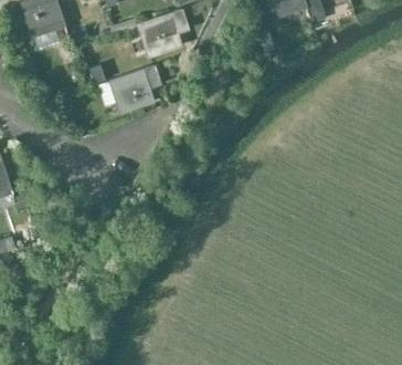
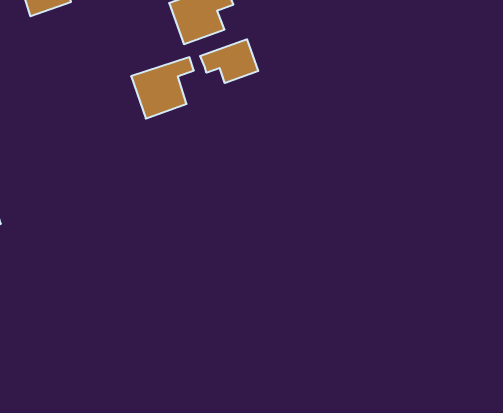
building: none -> [200,39,258,83]

